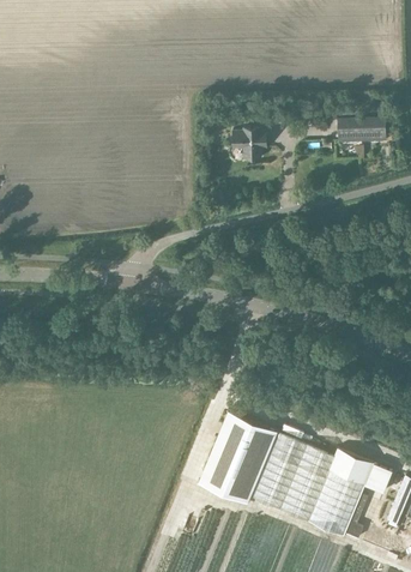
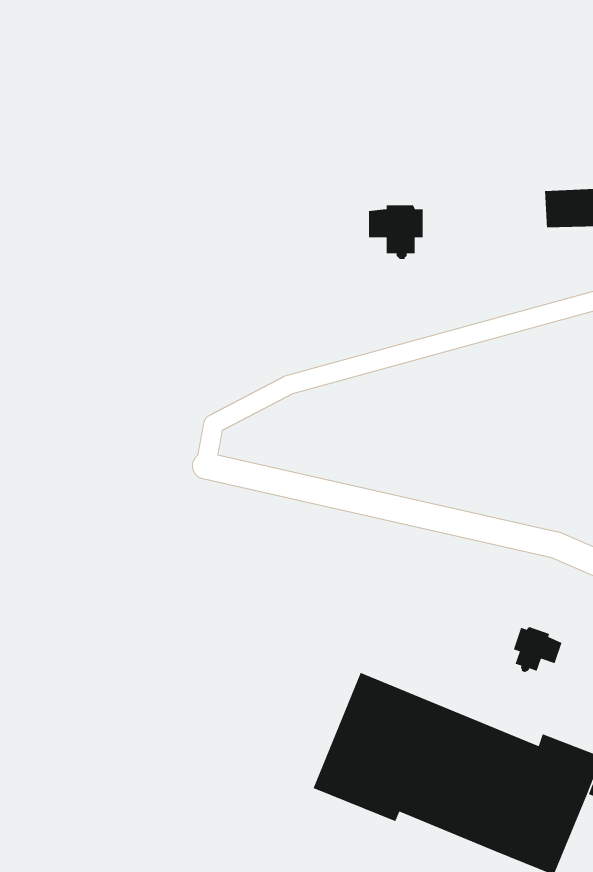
building: none -> [513,626,562,673]

